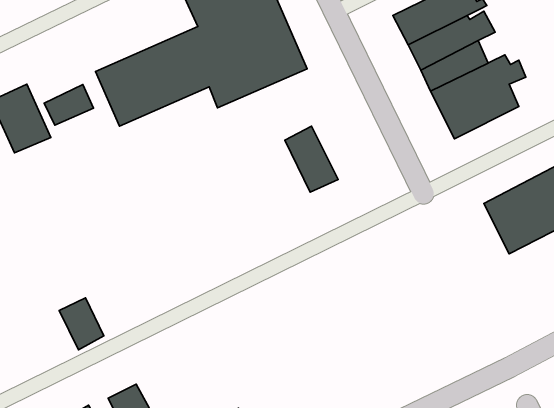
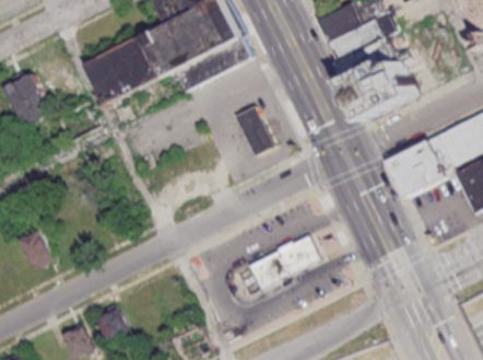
building: [44,85,94,125] -> none
building: none -> [247,234,318,283]
building: [59,298,104,350] -> [17,228,52,268]

